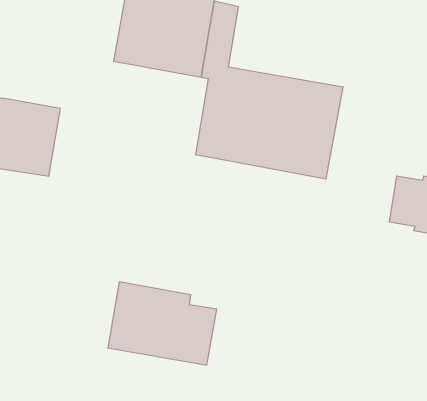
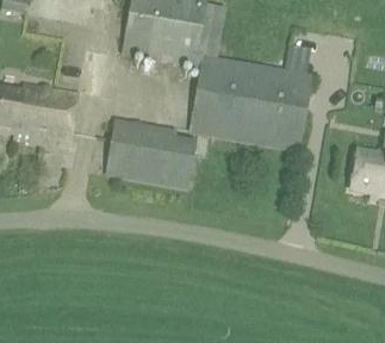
building: [108,282,217,365] -> [106,118,197,187]

